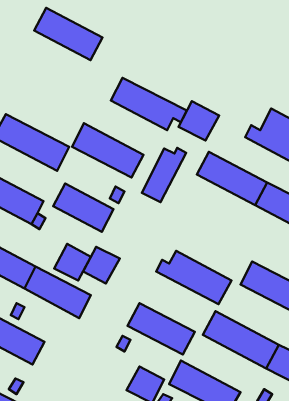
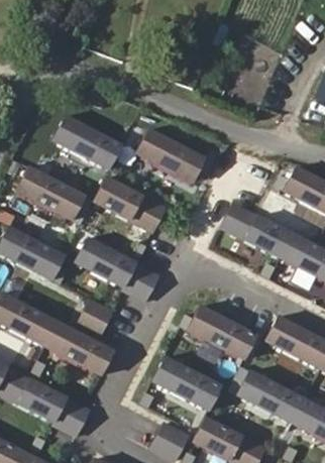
building: [34,8,102,60] -> [50,114,120,167]
building: [179,101,219,141] -> none
building: [142,148,186,202] -> none
building: [83,247,120,283] -> [123,262,160,300]
building: none -> [52,397,90,435]

